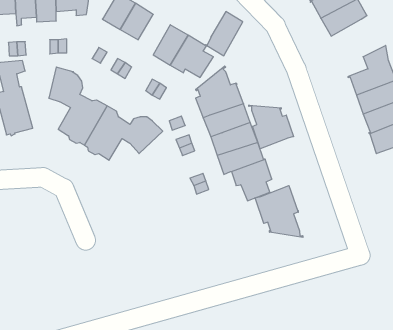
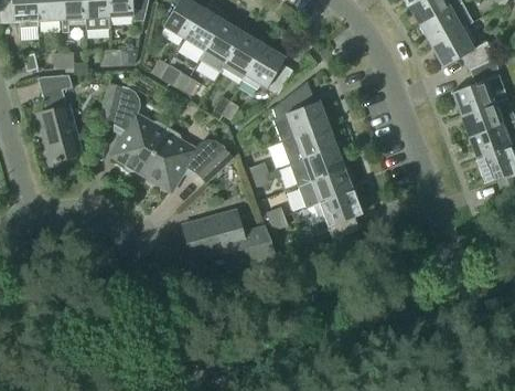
building: [207,12,243,56] -> [201,20,243,72]
building: none -> [431,25,495,70]
building: [249,105,294,149] -> none
building: none -> [183,210,272,265]
building: [255,186,303,237] -> none

